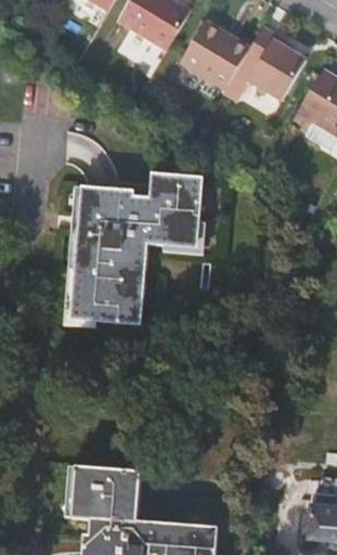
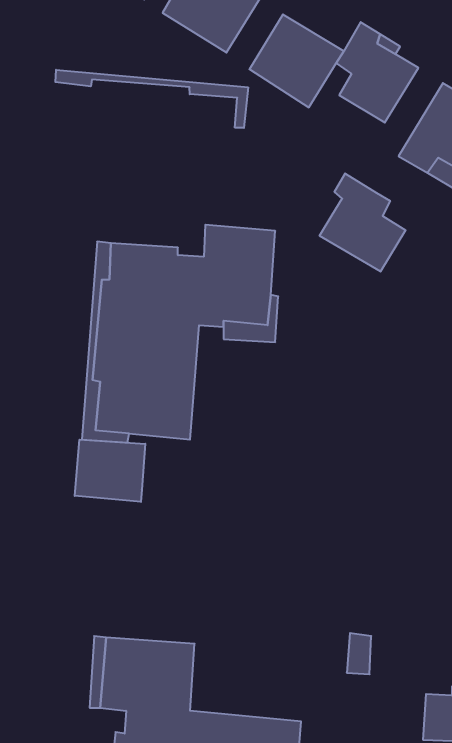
building: none -> [55,70,248,128]
building: none -> [320,173,406,272]
building: none -> [75,440,145,502]

